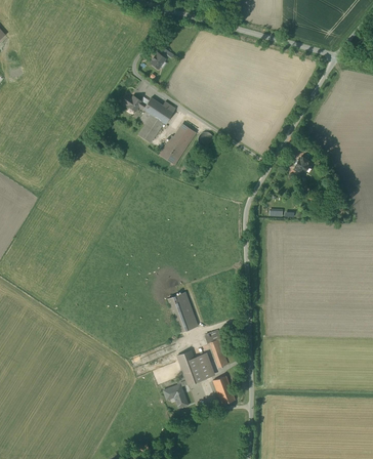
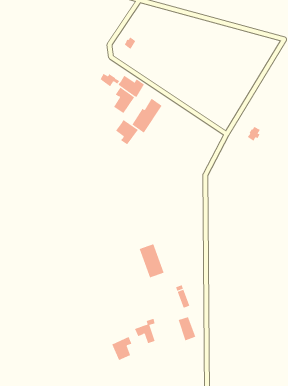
building: none -> [115,119,139,145]
building: [177,350,211,384] -> none
building: none -> [111,336,132,361]

